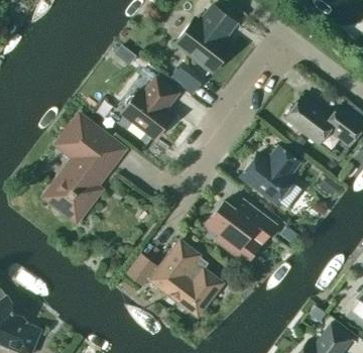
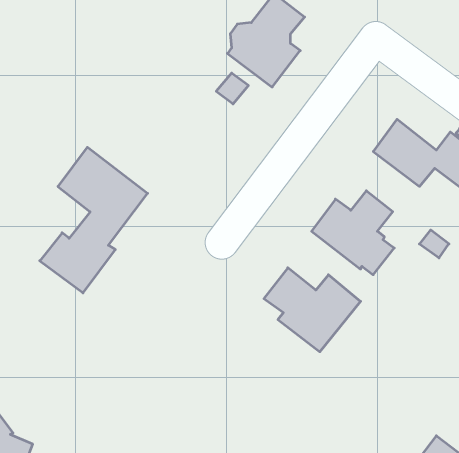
building: [121,77,176,137] -> none
building: [126,240,221,315] -> none

